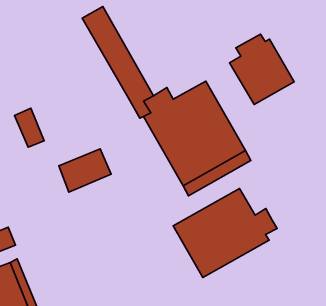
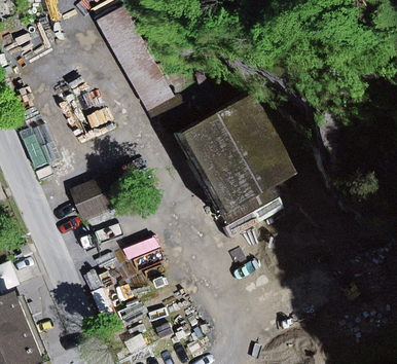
building: [230,34,294,104] -> none
building: [173,188,277,278] -> none

